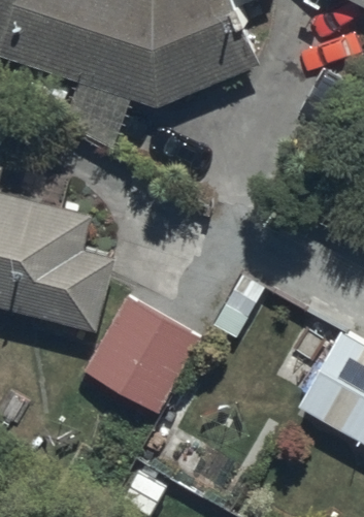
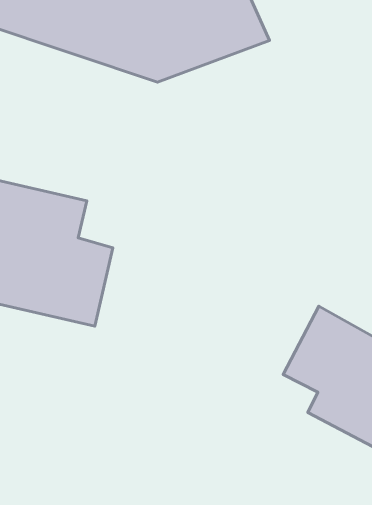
building: [82,293,200,413] -> none

